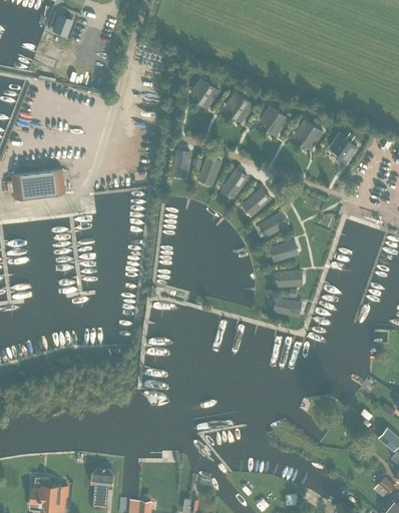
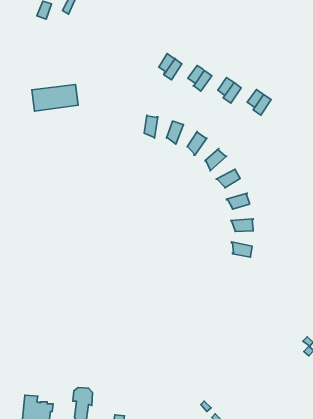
building: [329,134,356,163] -> none
building: [10,169,64,200] -> [32,85,78,111]

